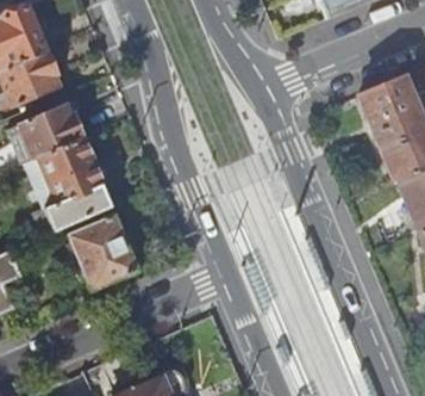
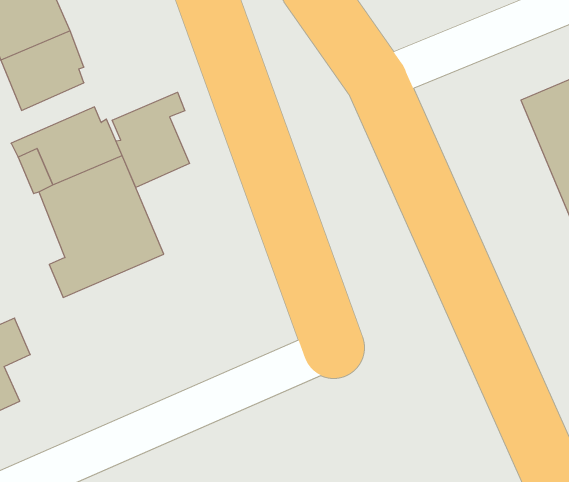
building: none -> [112,92,190,187]
building: [70,211,140,287] -> none

